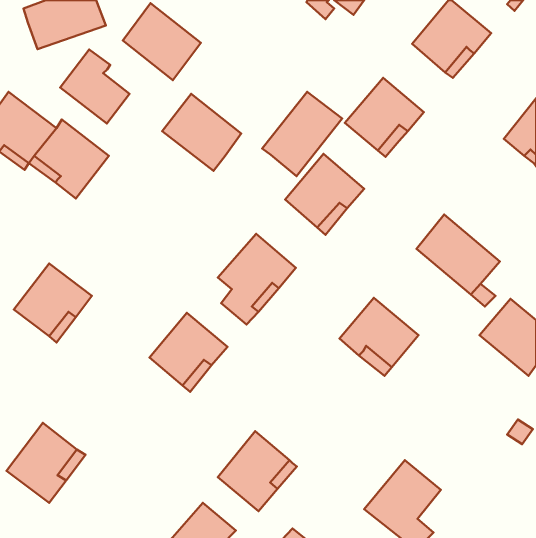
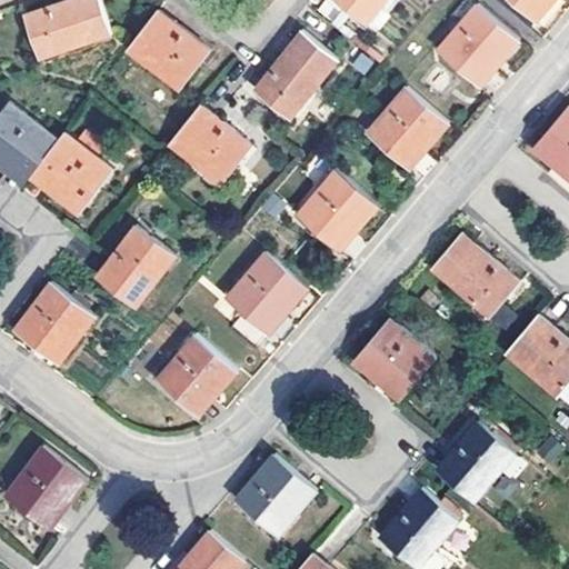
building: [60,50,130,123] -> none
building: [262,92,342,176] -> [256,32,339,120]
building: none -> [97,226,176,308]
building: none -> [436,419,516,501]

